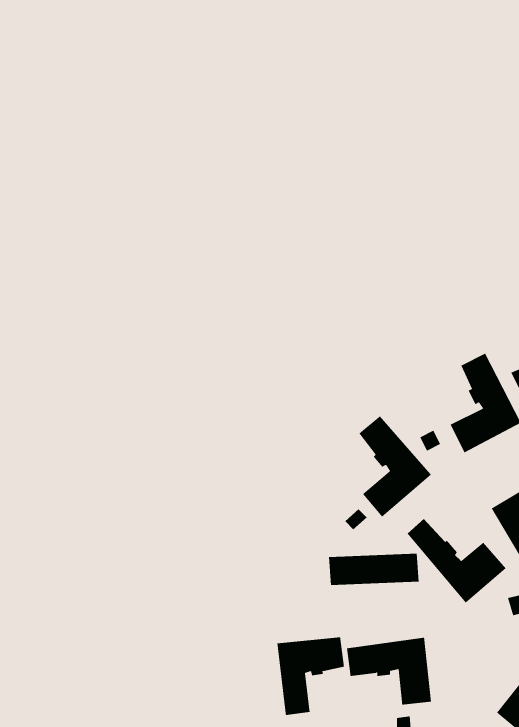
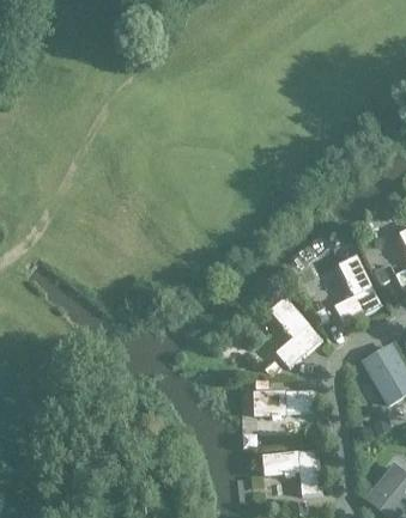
building: [407,518,506,603] -> none
building: [277,636,345,716] -> none

